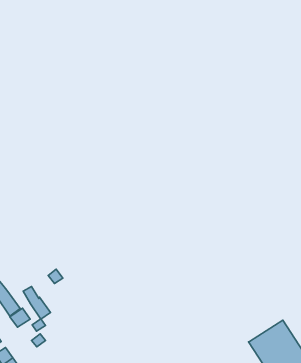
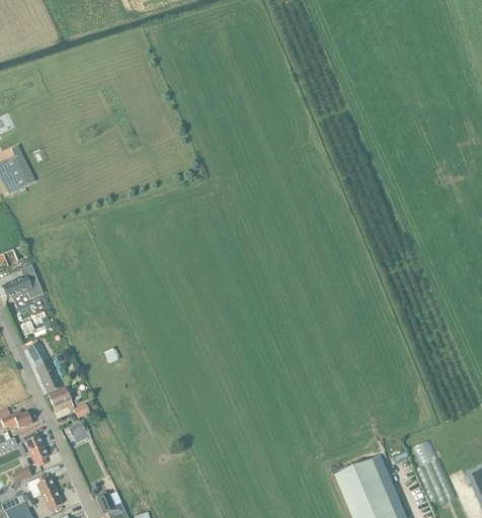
building: [23,287,51,319] -> none

